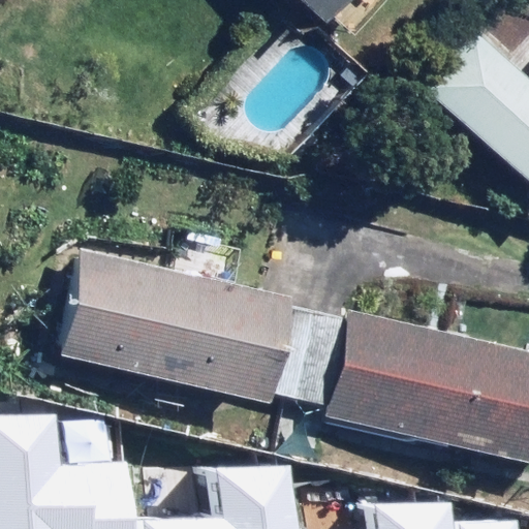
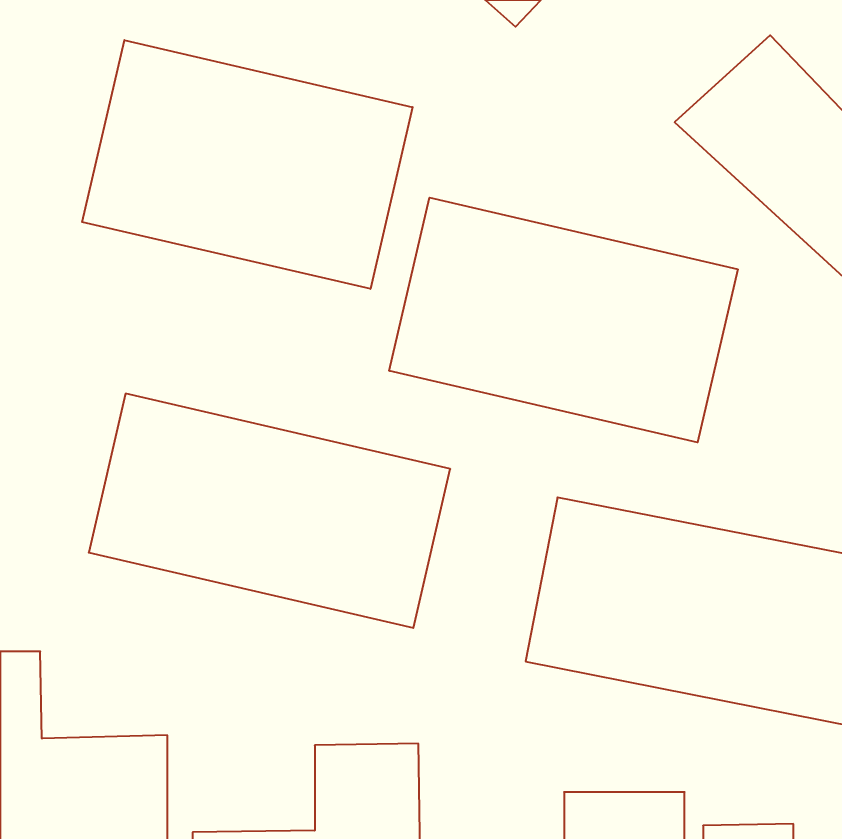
building: none -> [82,40,413,289]
building: none -> [389,198,738,442]

